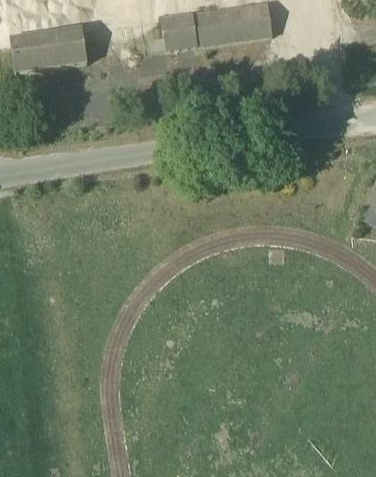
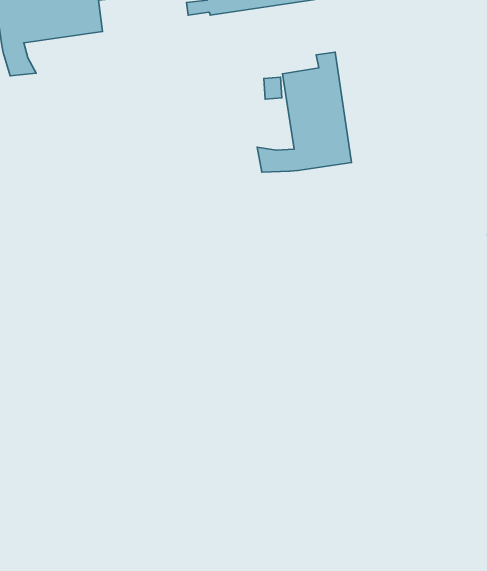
building: none -> [257,52,352,172]

